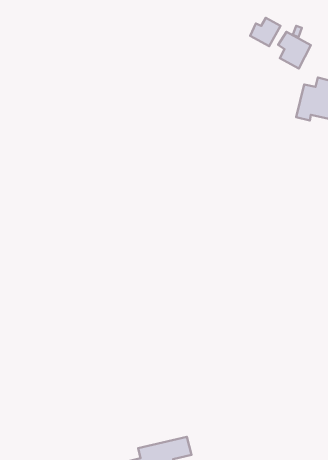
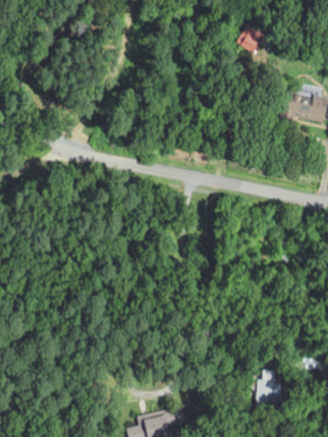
building: [278,32,311,68] -> none
building: none -> [255,370,281,405]

